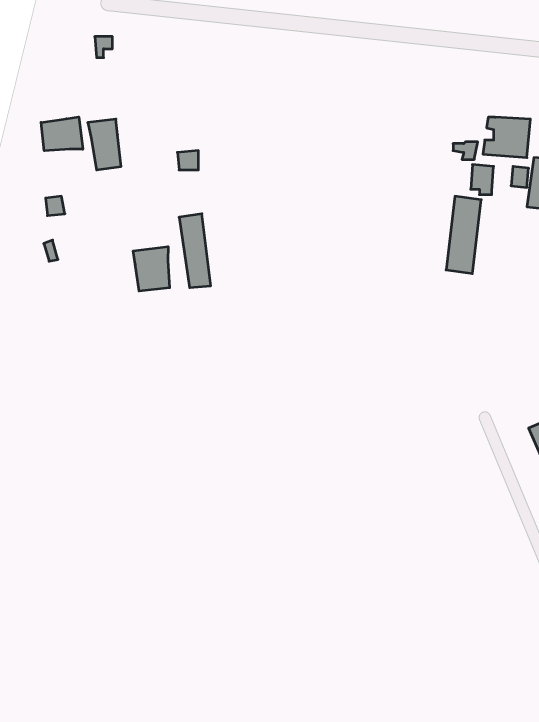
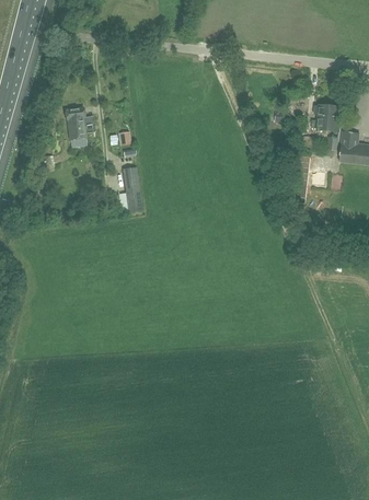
building: [41,117,83,151] -> none
building: [133,247,170,291] -> none

